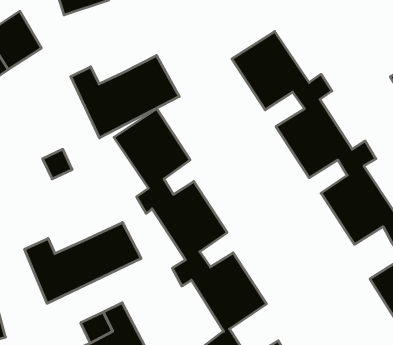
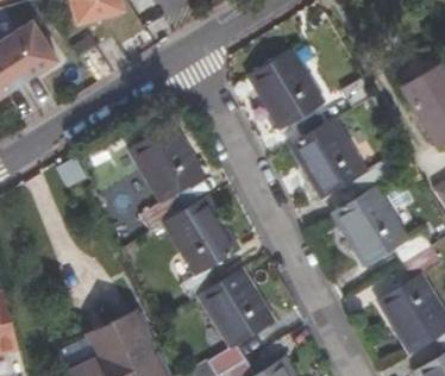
building: [71,55,179,138] -> none
building: [25,222,141,303] -> none

